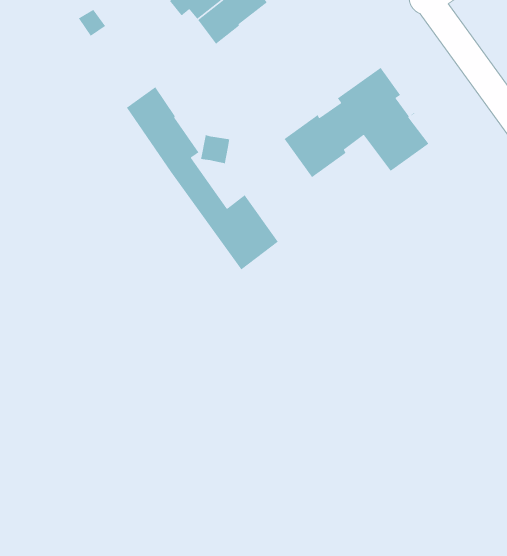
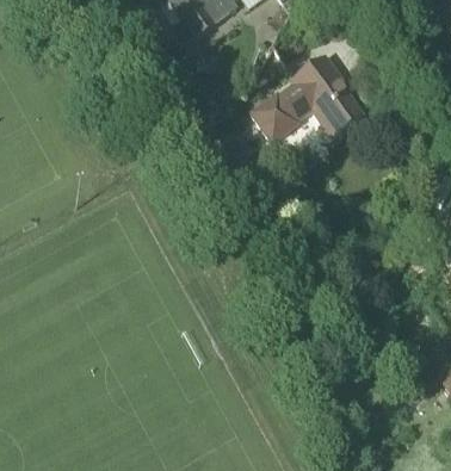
building: [126,86,279,270] -> none

